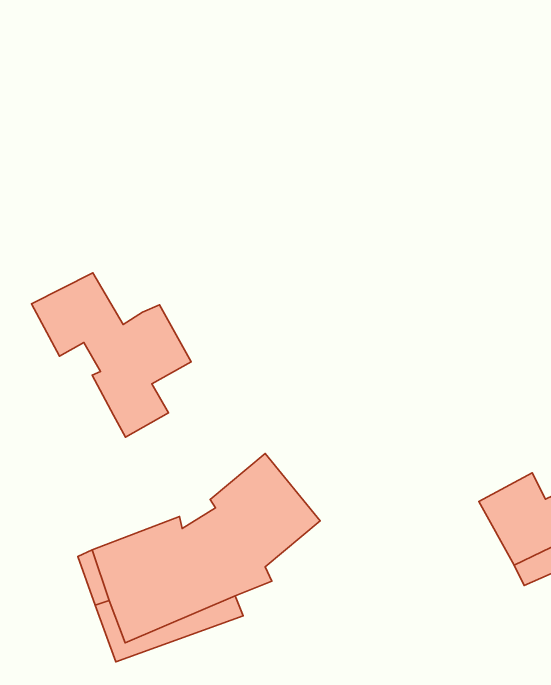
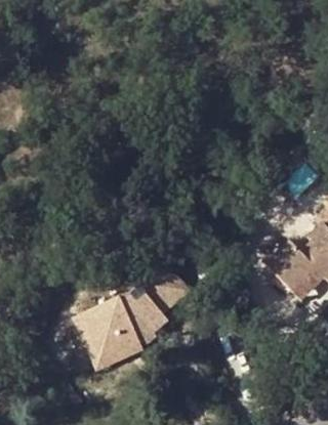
building: [32,273,191,437] -> none

